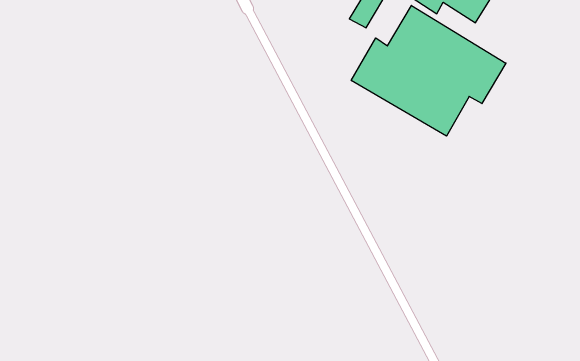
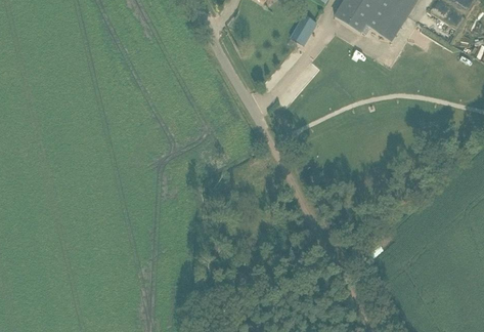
building: [351,5,506,136] -> none

